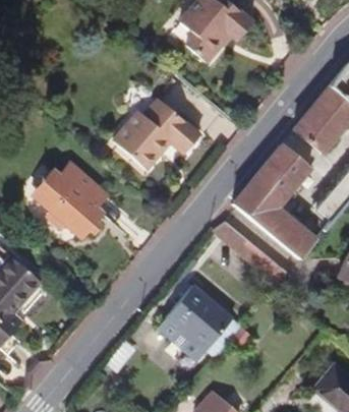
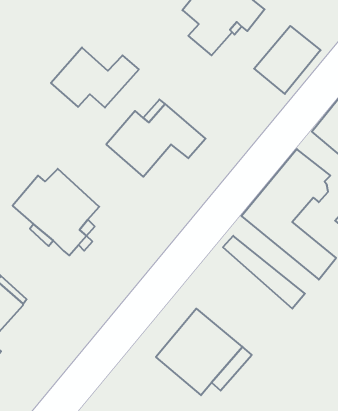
building: none -> [254,26,321,94]
building: none -> [51,47,139,108]

